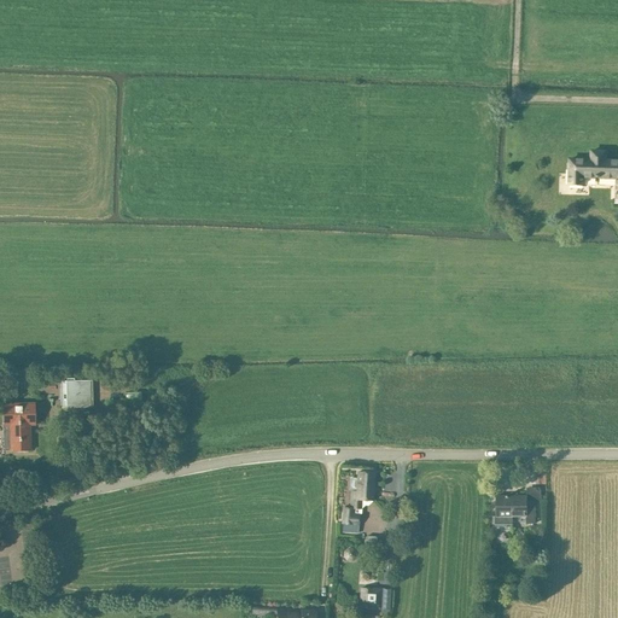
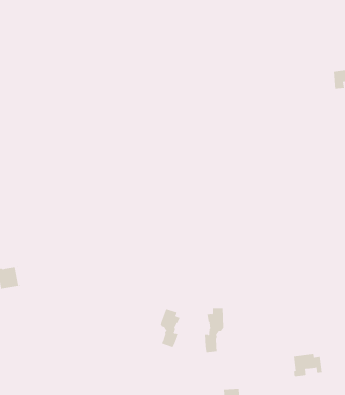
building: none -> [160,309,181,348]
building: [496,495,537,524] -> [293,354,323,377]

